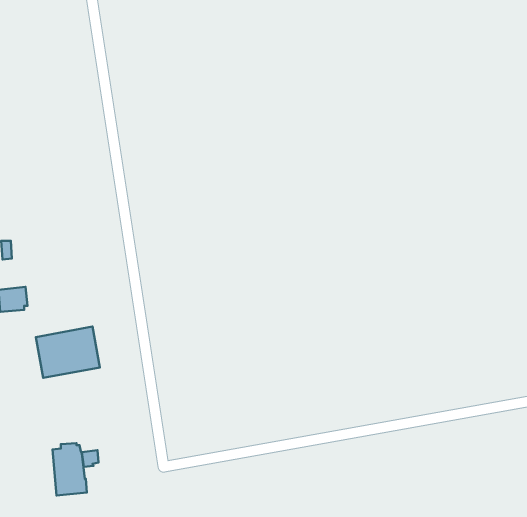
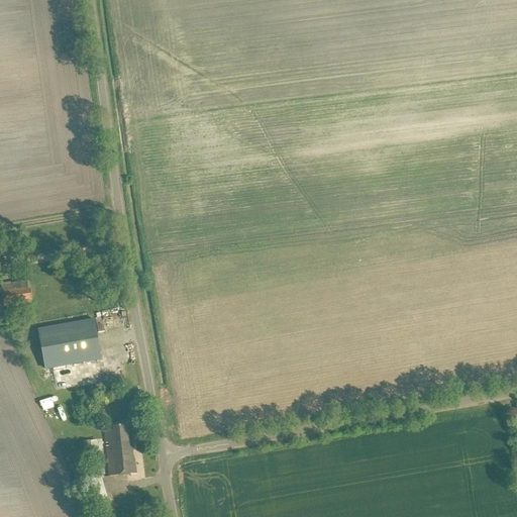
building: [52,443,87,495] -> [104,424,137,475]

